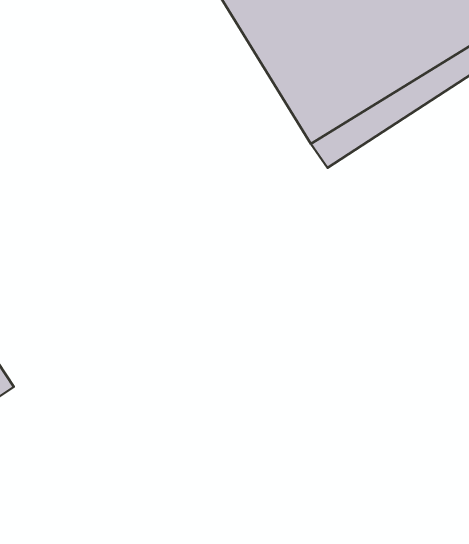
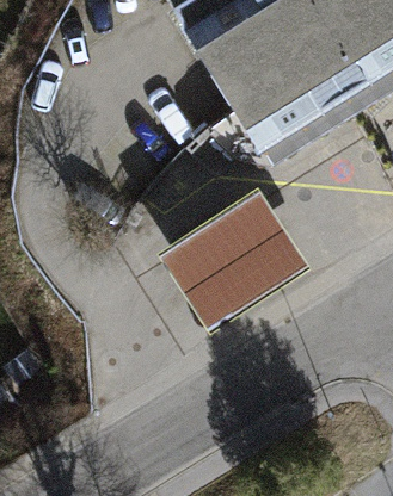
building: none -> [156,192,306,331]

